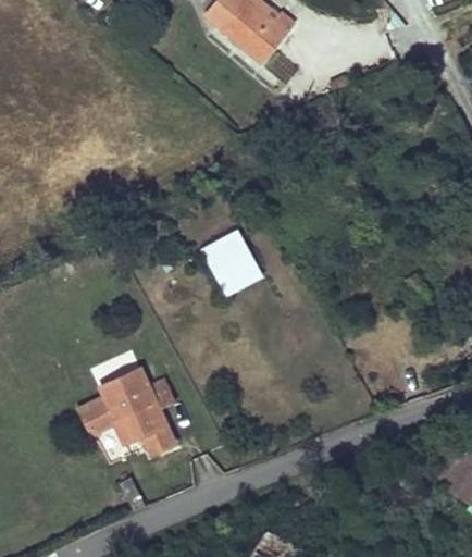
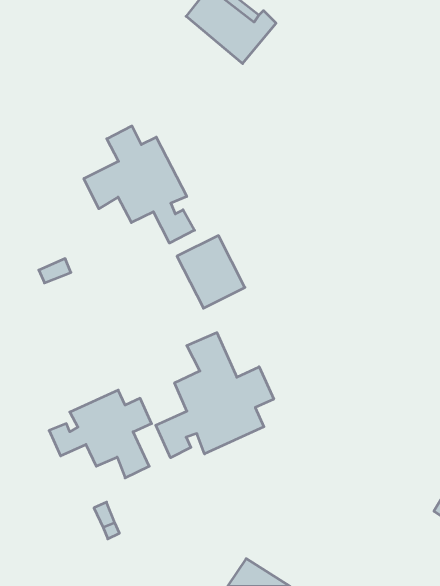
building: none -> [84,126,195,243]
building: none -> [156,333,274,458]

